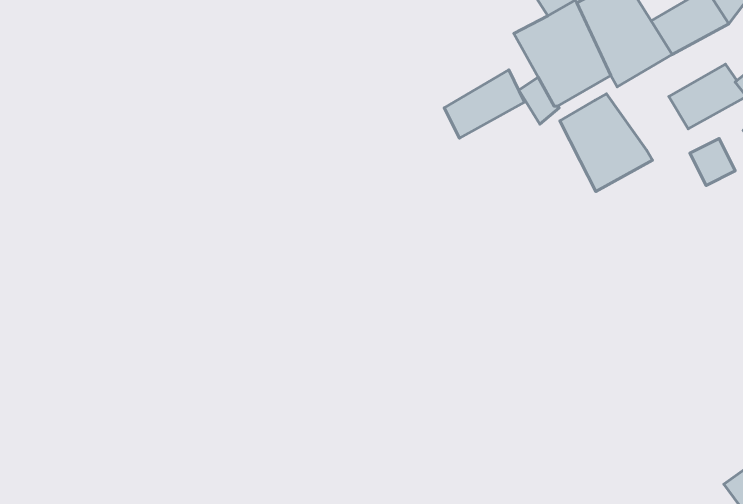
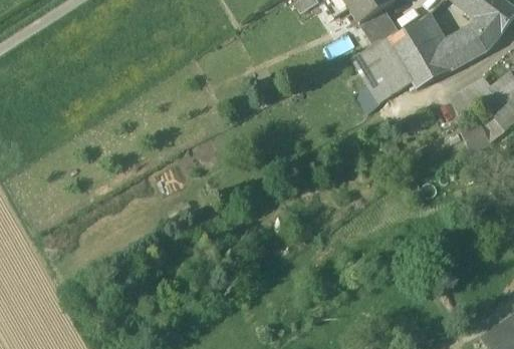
building: [444,70,525,138] -> none
building: [560,94,652,191] -> none

